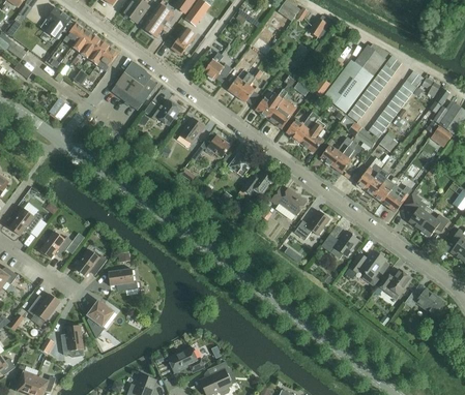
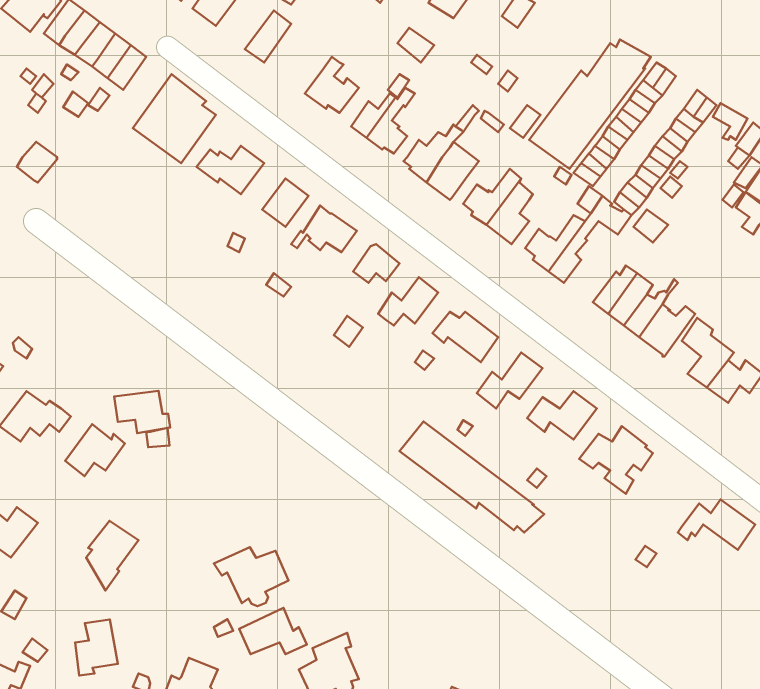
building: none -> [400,422,544,533]
building: [108,268,138,291] -> [114,391,170,433]
building: [375,269,412,295] -> none
building: none -> [214,547,288,606]
building: [61,324,84,354] -> [75,619,118,675]

